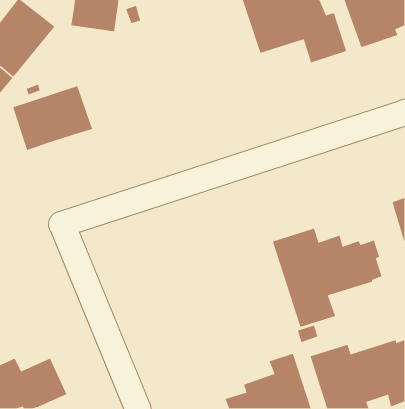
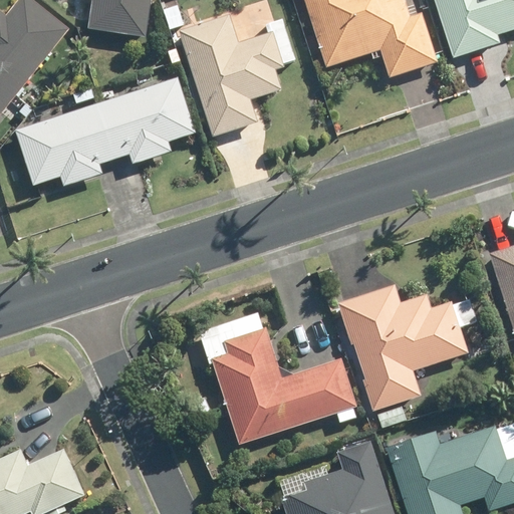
building: none -> [177,17,295,139]
building: none -> [97,80,196,162]
building: none -> [201,324,355,442]

